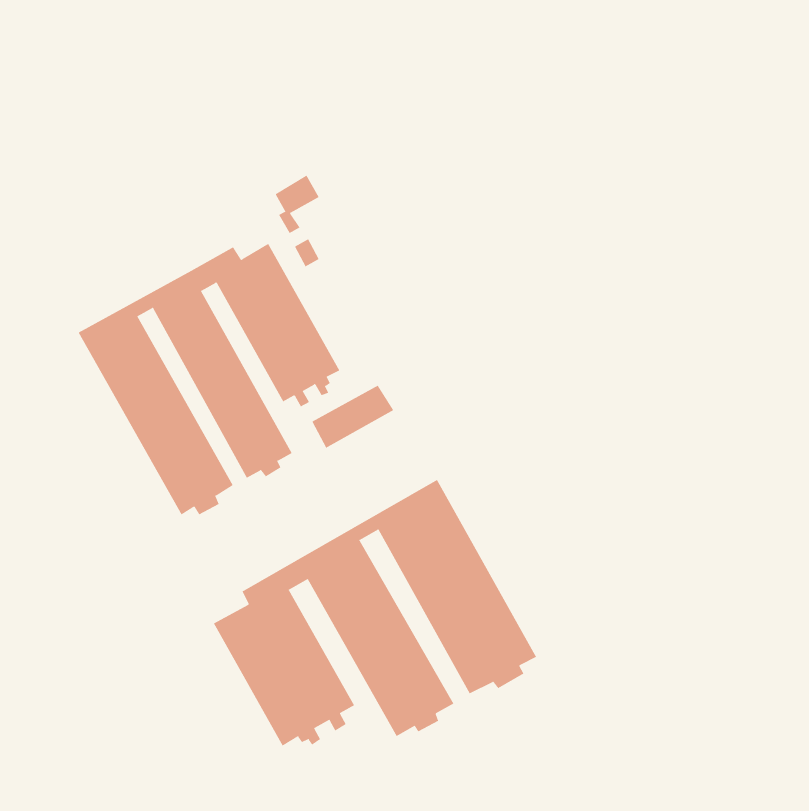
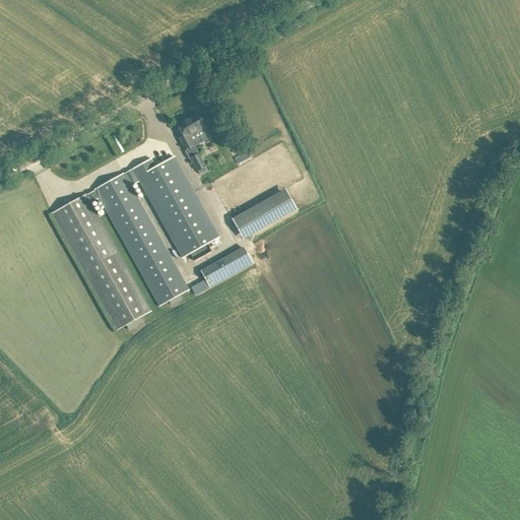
building: none -> [234,188,300,237]
building: [213,479,537,747] -> none

